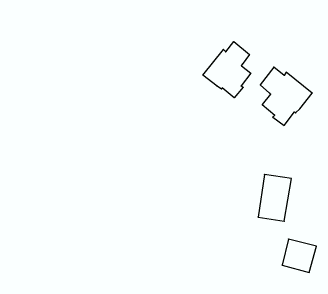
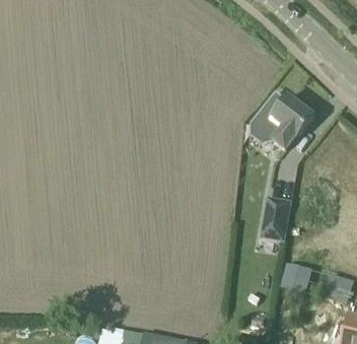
building: [203,42,251,98] -> none

